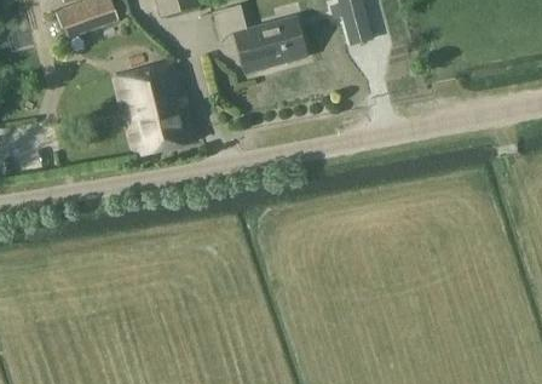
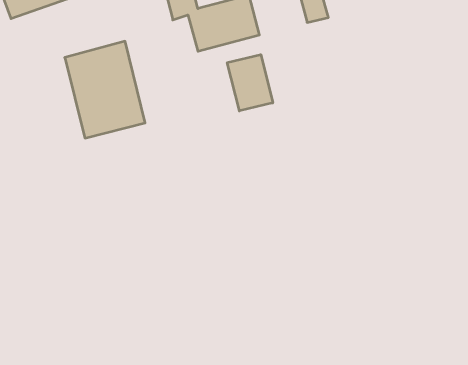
building: none -> [227,55,273,111]

